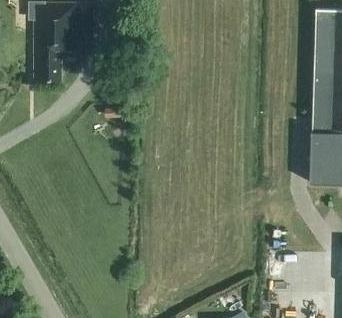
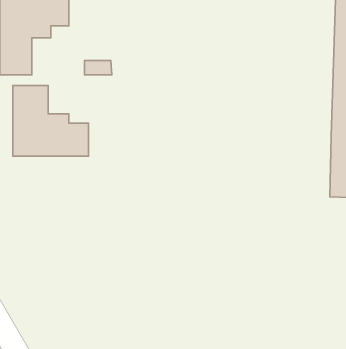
building: none -> [13,86,88,156]

